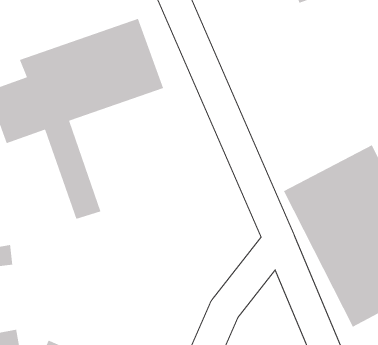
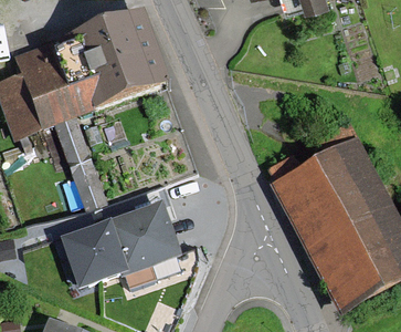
building: none -> [64,205,178,286]

